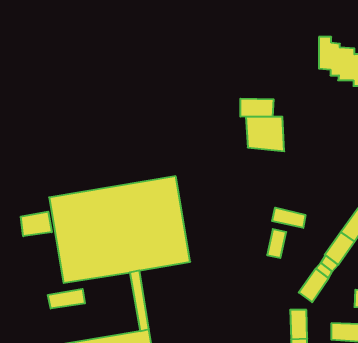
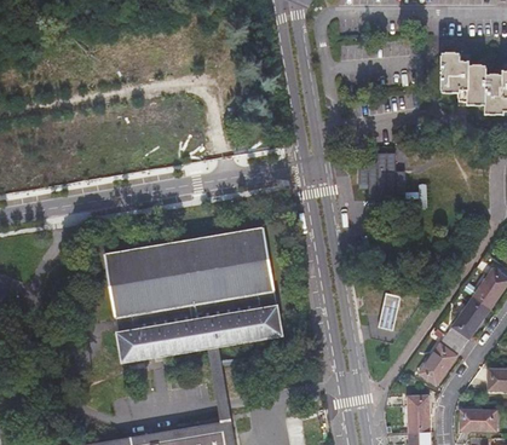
building: [240,99,274,117] -> none
building: [272,208,305,228] -> none
building: [21,212,52,236] -> none
building: [48,289,85,309] -> none

